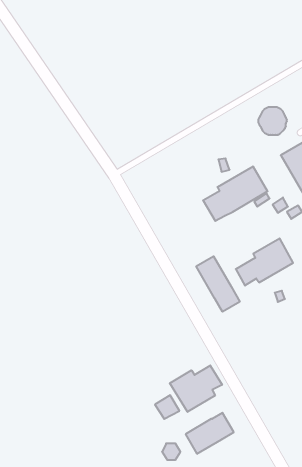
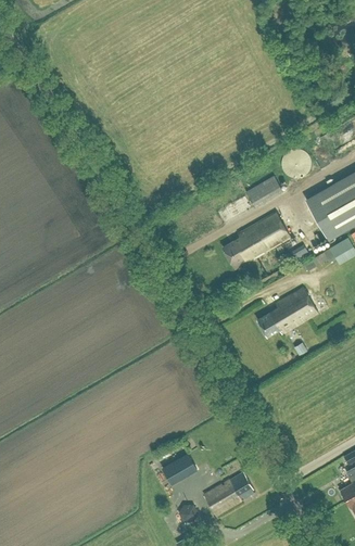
building: none -> [249,176,284,204]
building: [196,256,240,312] -> none
building: [170,365,222,412] -> none

